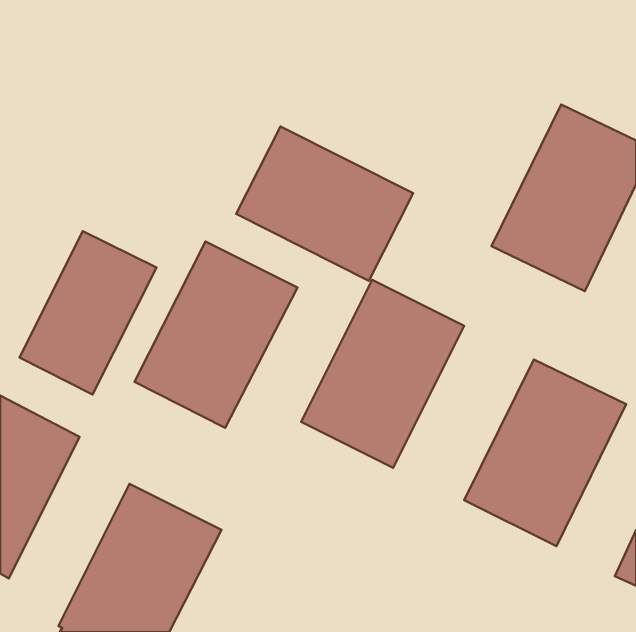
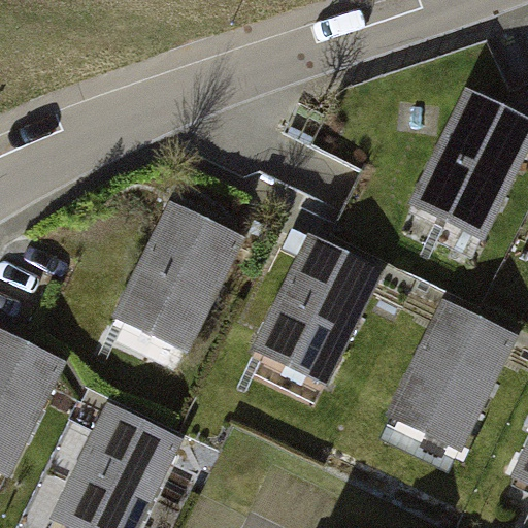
building: [236,126,413,281] -> none
building: [20,231,156,395] -> none

